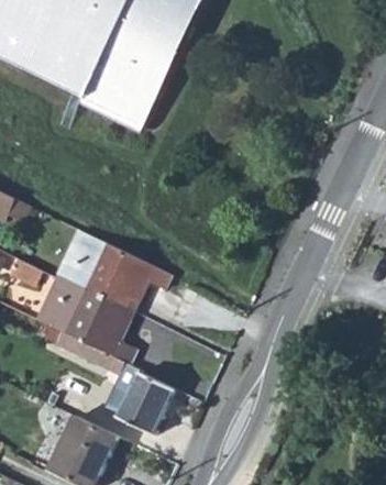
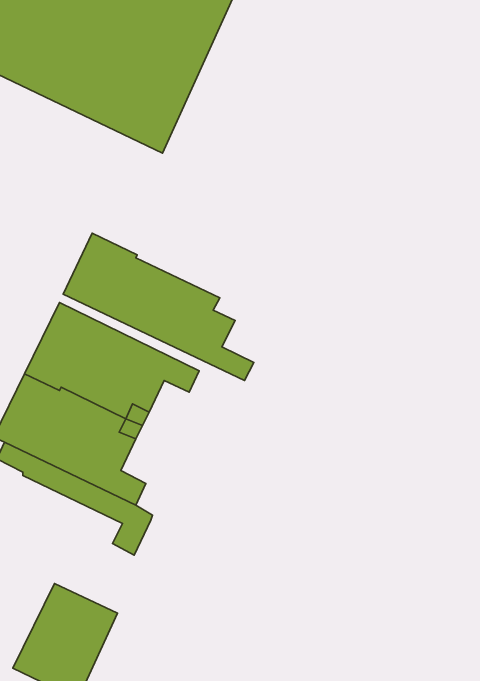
building: none -> [63,233,254,380]
building: [118,373,174,432] -> none

